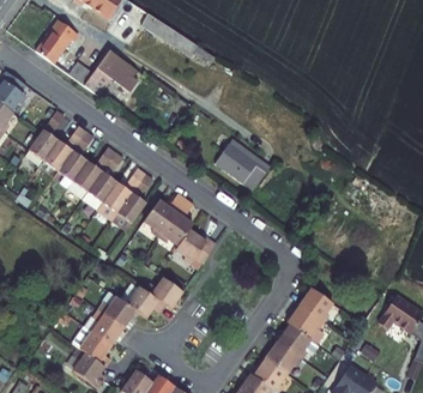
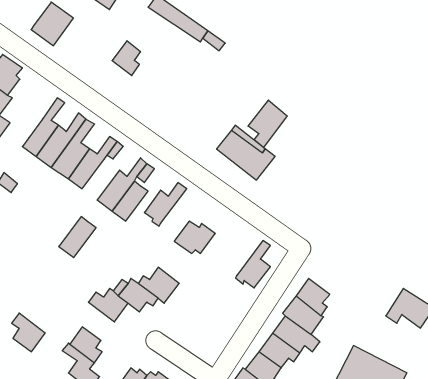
building: [73,47,129,93] -> none
building: none -> [248,100,287,148]
building: [86,170,122,210] -> [59,217,96,258]
building: [161,199,194,244] -> [236,241,270,288]
building: [85,308,117,345] -> [12,313,45,352]

